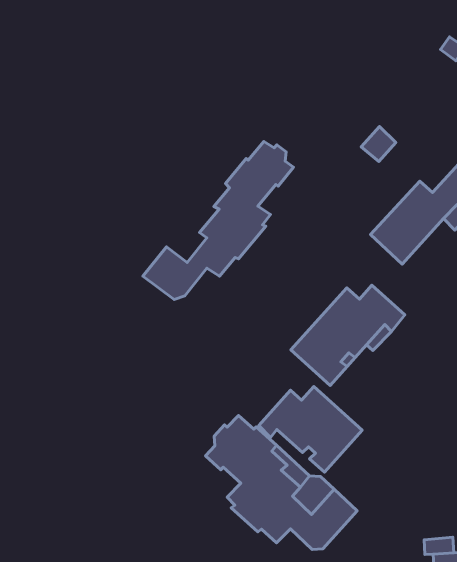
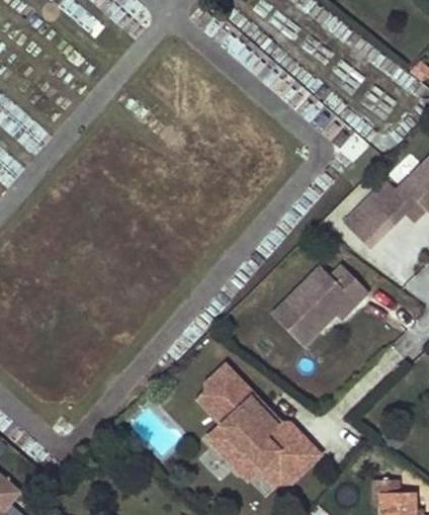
building: [143,141,294,299] -> none
building: [259,387,362,472] -> none

